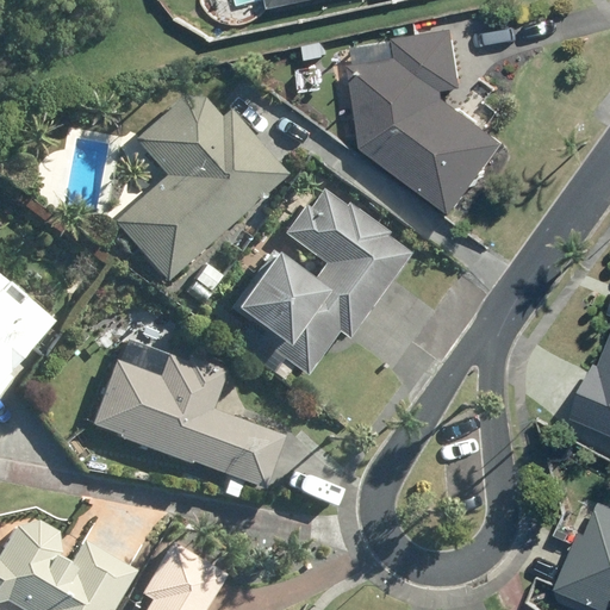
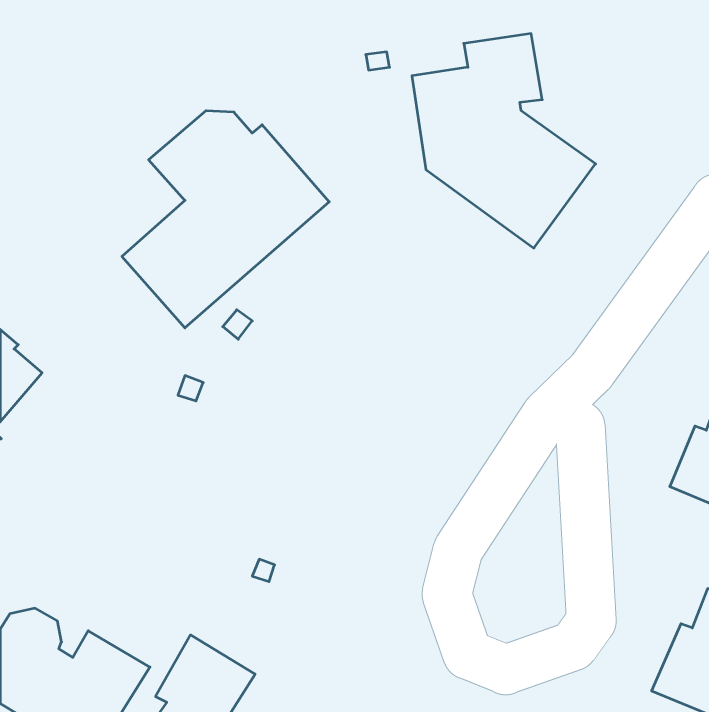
building: [228,191,407,375] -> none
building: [89,356,281,488] -> none

